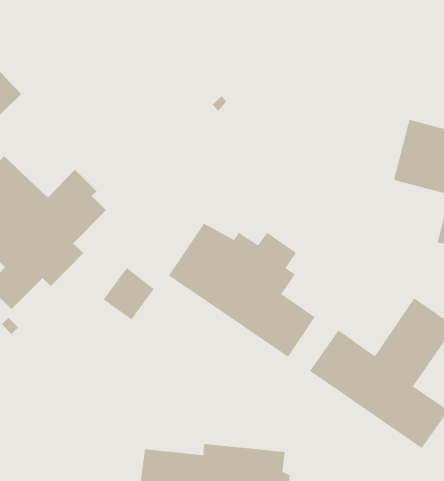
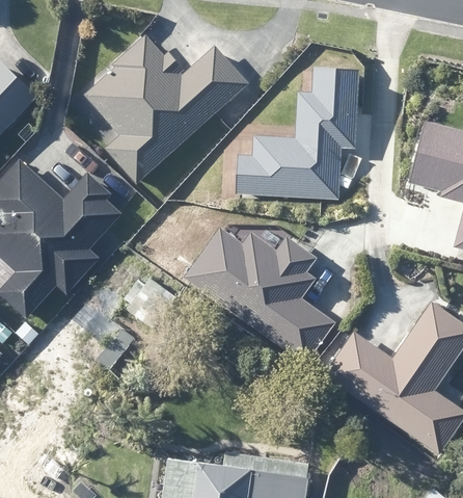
building: none -> [87,35,249,182]
building: none -> [236,65,355,199]

